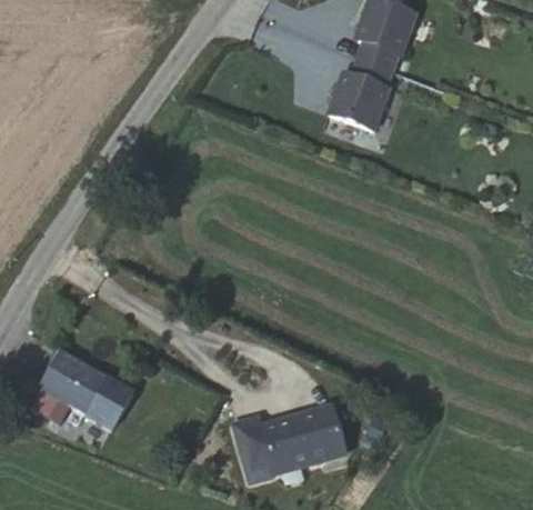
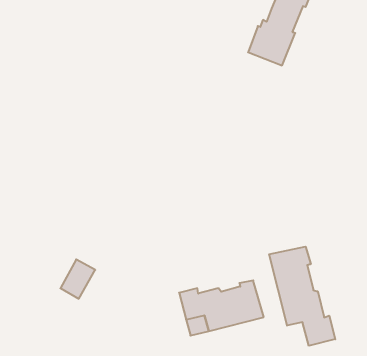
building: [40,351,108,414] -> none
building: none -> [269,247,335,346]

